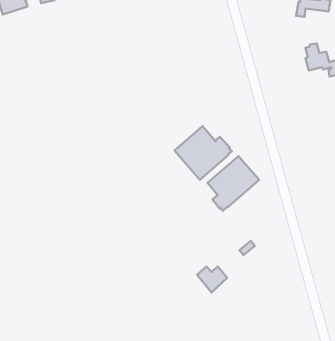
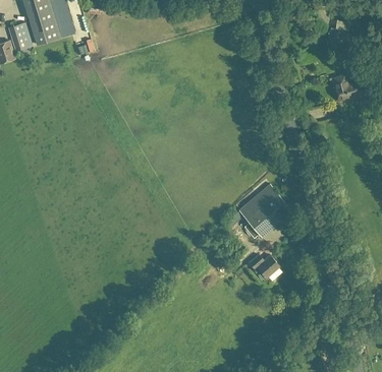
building: [174,126,232,180] -> none
building: [197,267,227,292] -> [249,254,278,280]

